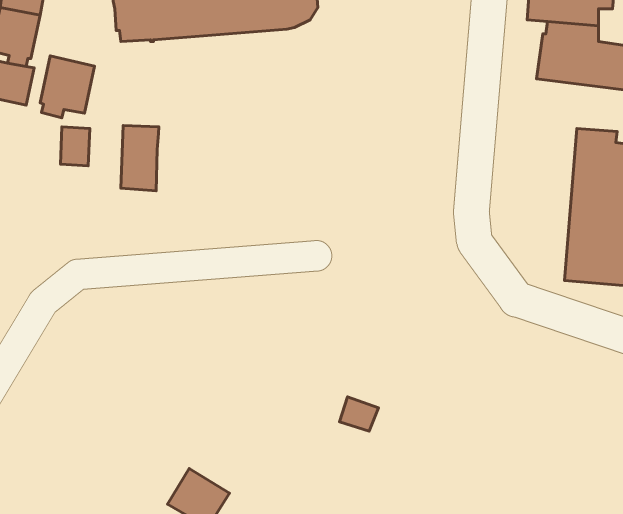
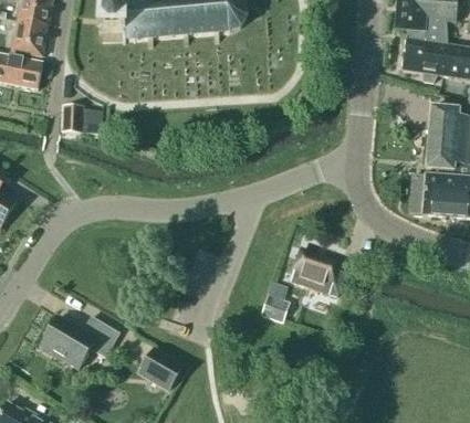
building: [40,56,94,118] -> none
building: [121,125,159,191] -> none
building: none -> [290,250,338,293]
building: none -> [40,316,119,369]

